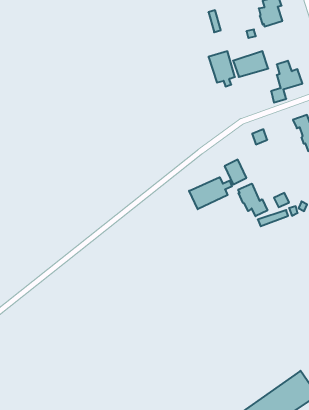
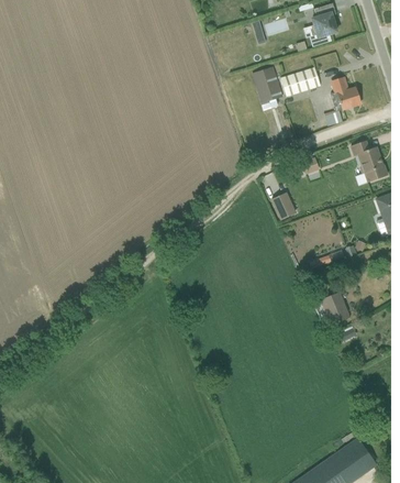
building: [189,177,232,209] -> none
building: [238,184,267,216] -> none
building: none -> [314,290,352,328]

